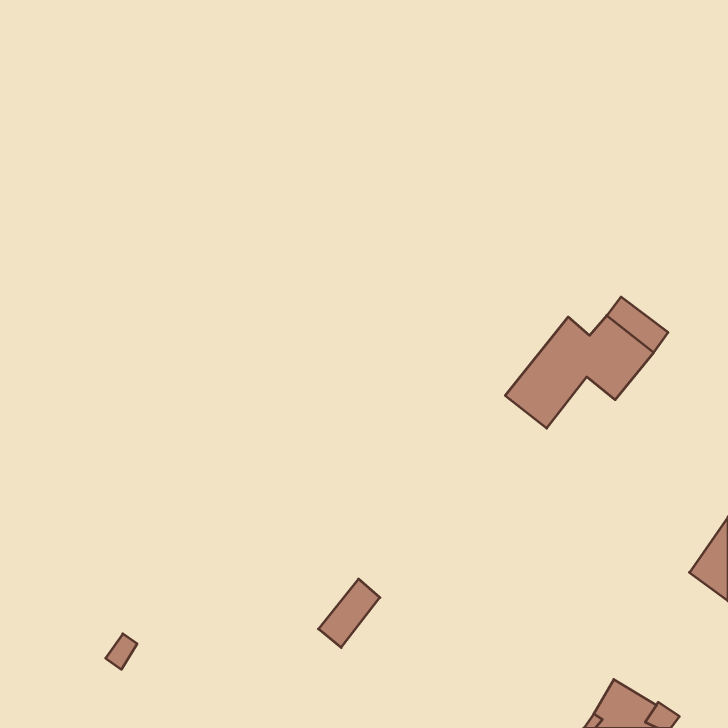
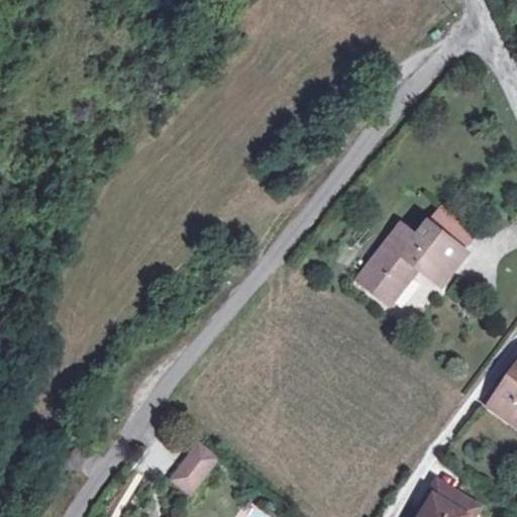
building: [318,579,380,648] -> [172,445,215,494]

